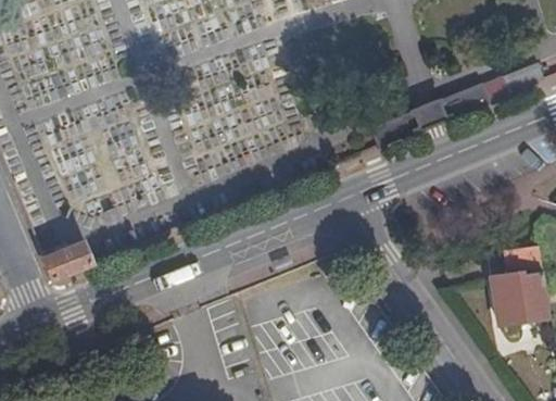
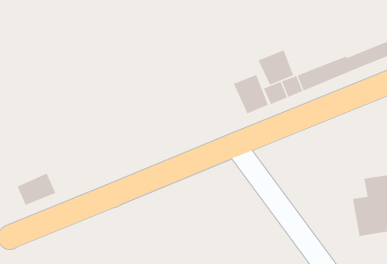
building: none -> [258,49,294,85]
building: none -> [233,74,268,114]

